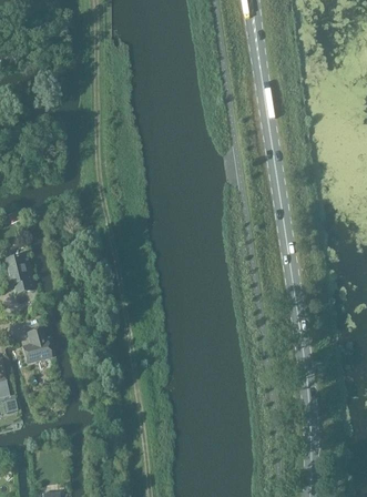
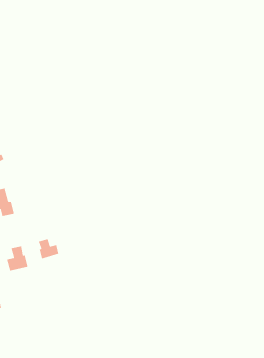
building: none -> [38,238,59,259]

